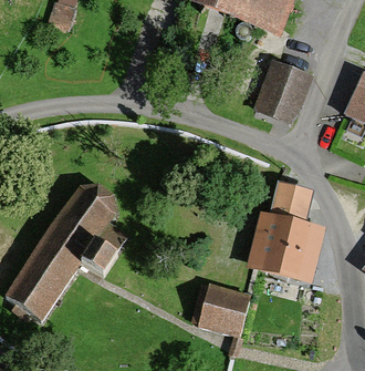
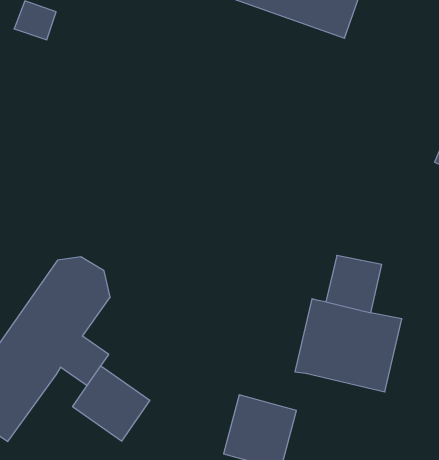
building: [264,62,313,124] -> none
building: none -> [73,366,150,441]

